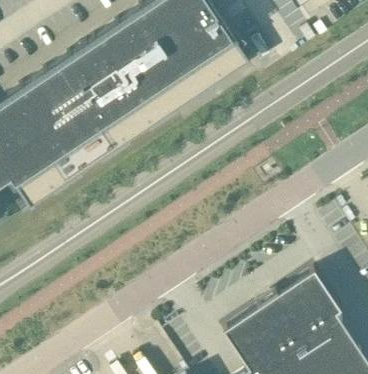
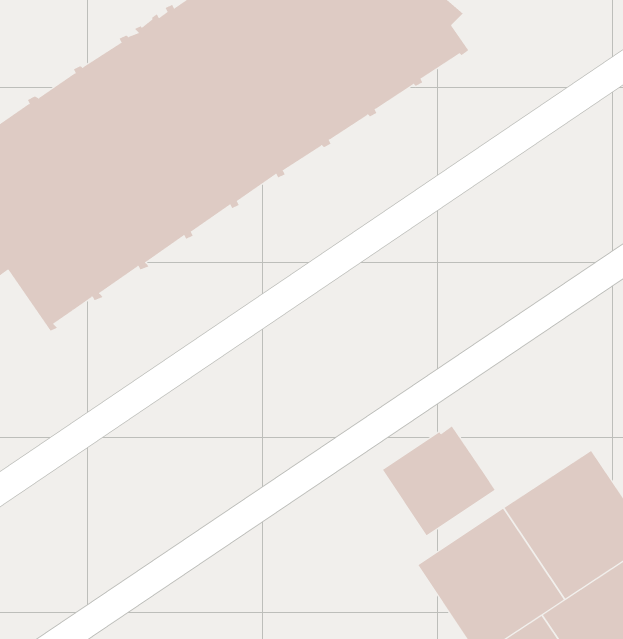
building: none -> [382,426,496,536]

